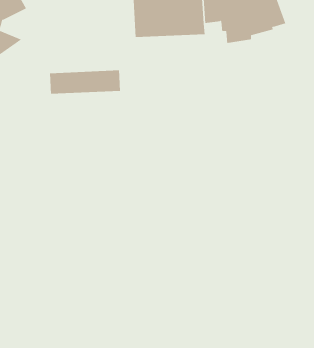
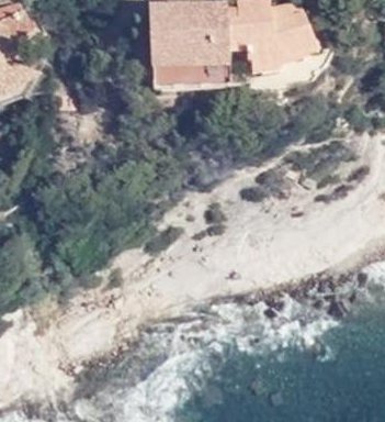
building: [49,70,121,94] -> [154,62,231,88]

